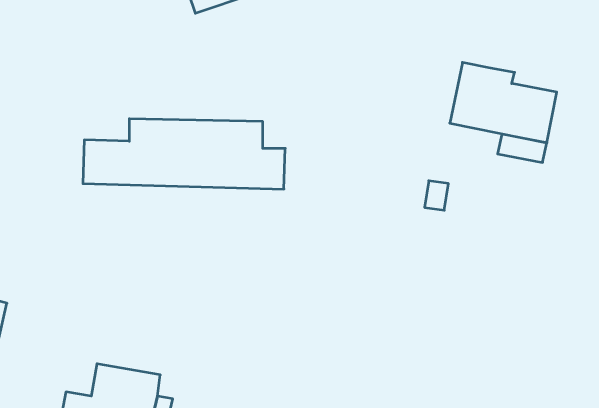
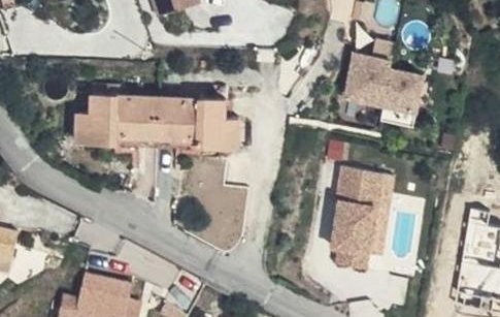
building: none -> [332,167,392,268]

